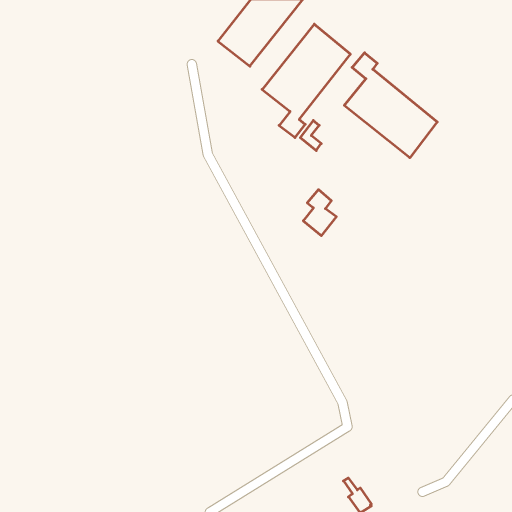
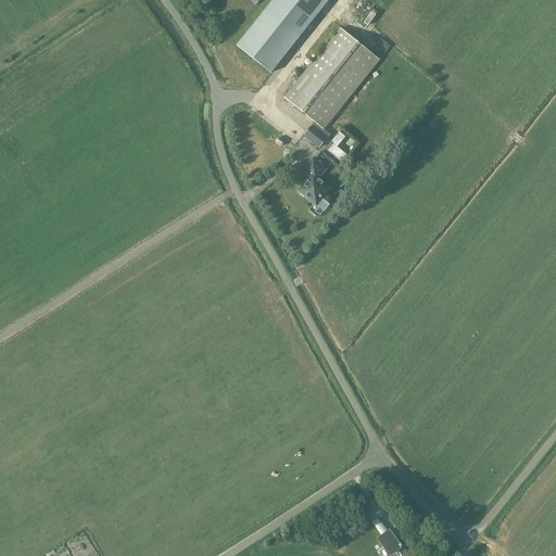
building: [344,53,437,158] -> none
building: [303,190,336,236] -> [298,156,333,206]

